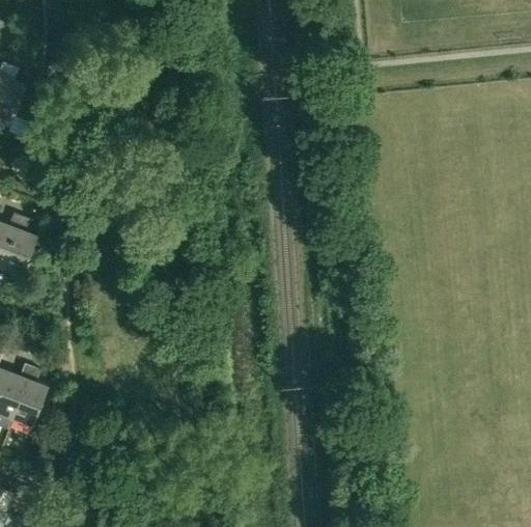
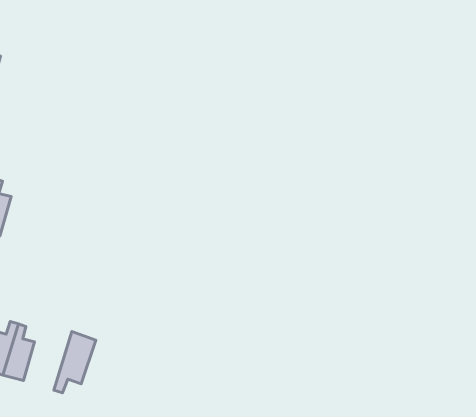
building: none -> [54,331,96,393]

